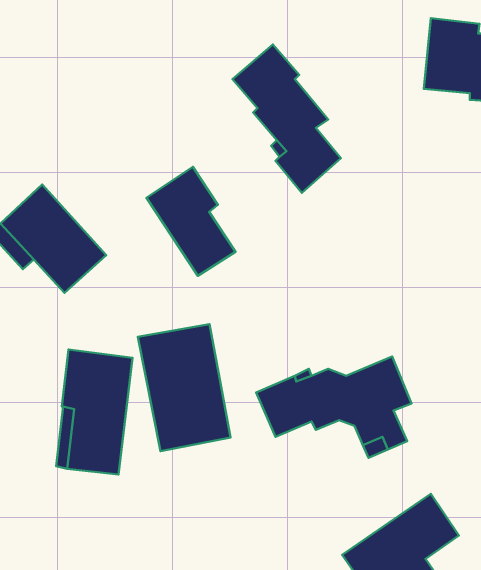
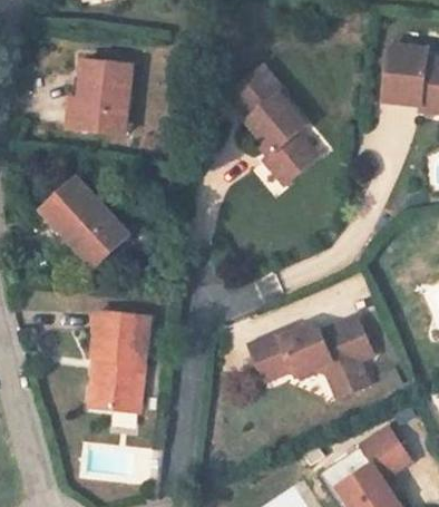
building: none -> [69,59,133,135]
building: [146,167,235,276] -> none
building: [138,324,231,451] -> none

